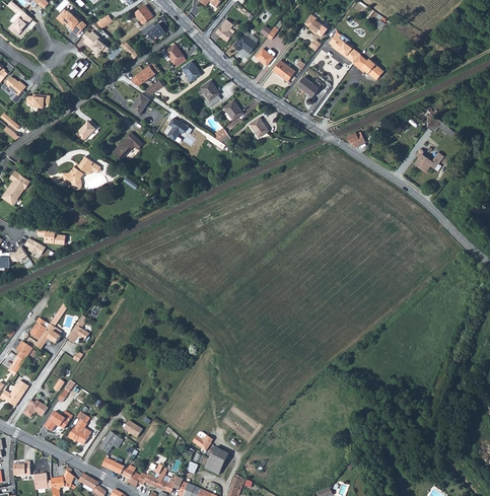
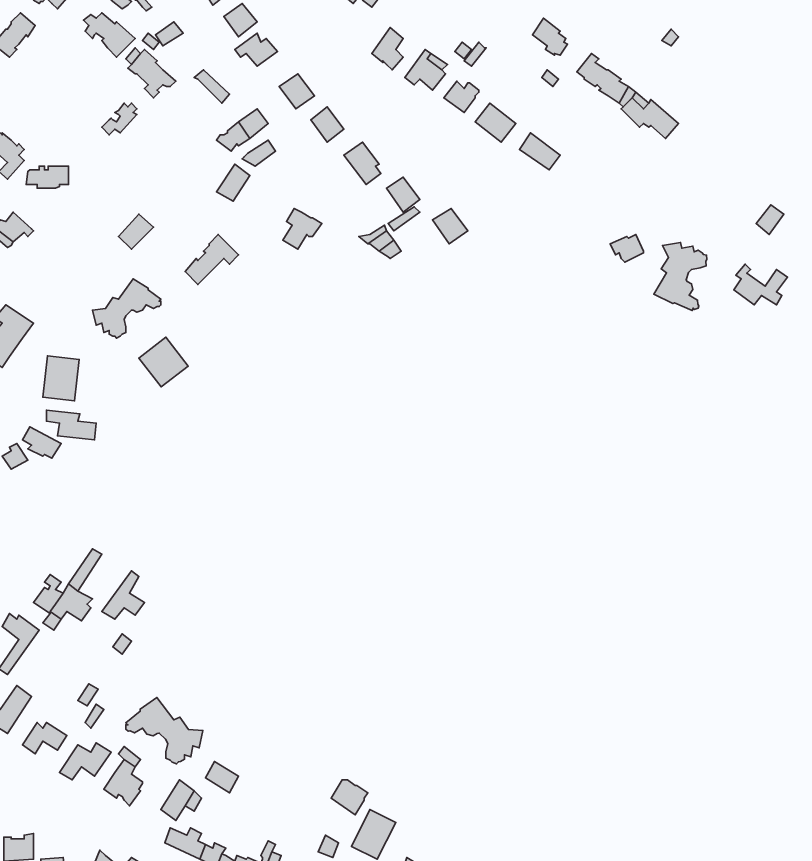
building: none -> [654,243,707,310]
building: none -> [139,337,188,387]
building: none -> [43,356,79,401]
building: none -> [126,698,203,764]

